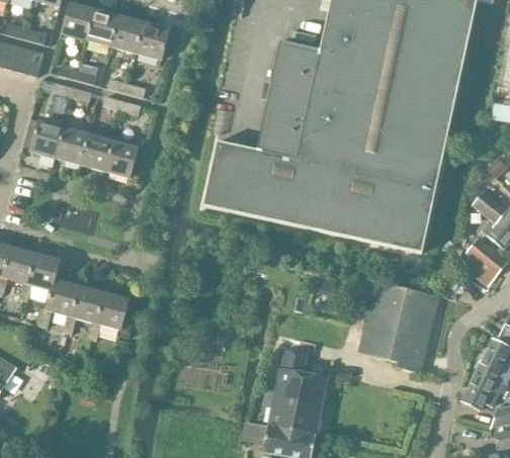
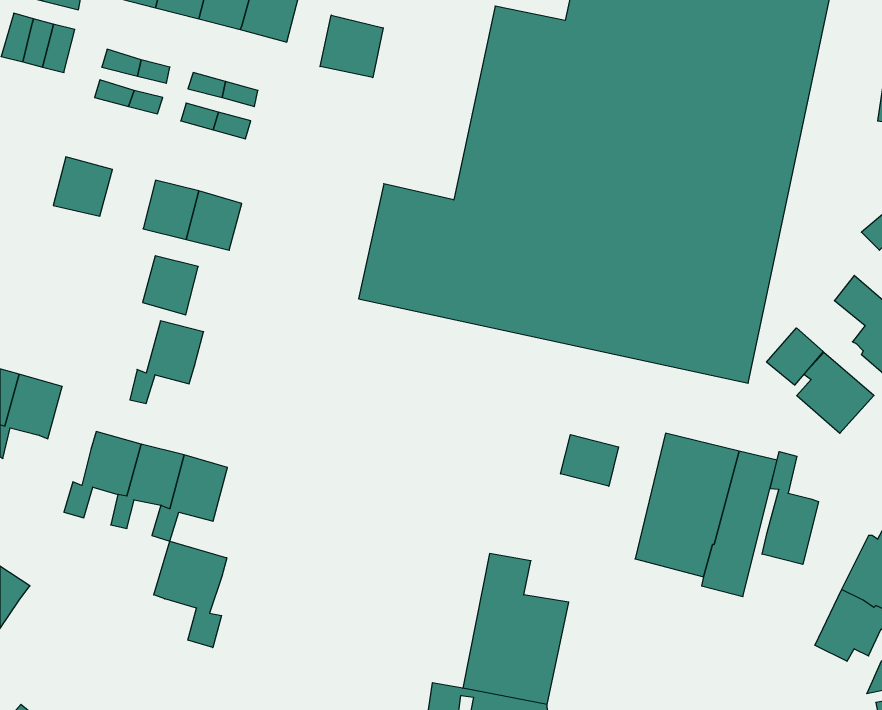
building: none -> [320,15,383,78]
building: [59,131,90,165] -> [143,256,198,315]
building: none -> [767,328,823,385]
building: [20,254,62,300] -> [130,321,204,404]
building: none -> [561,435,619,486]
building: none -> [762,452,819,564]
building: none -> [154,541,227,648]

